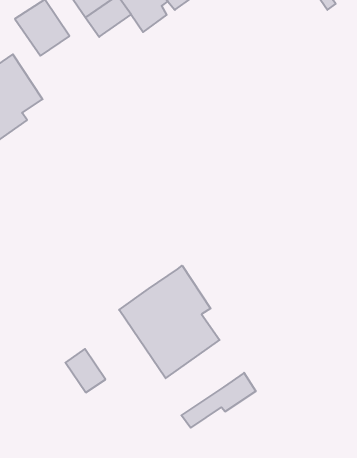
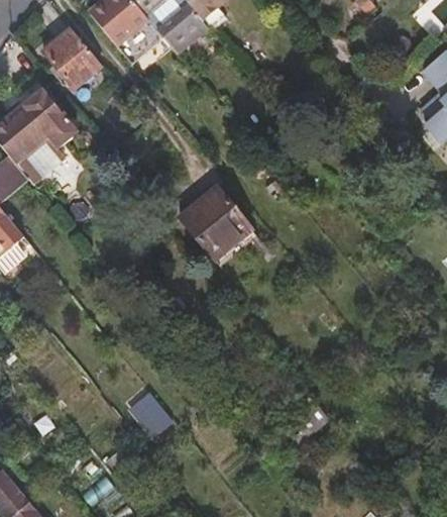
building: none -> [181,186,251,257]
building: [119,266,220,378] -> none

